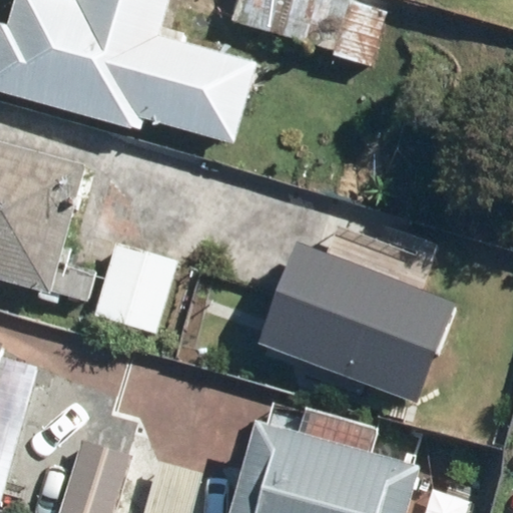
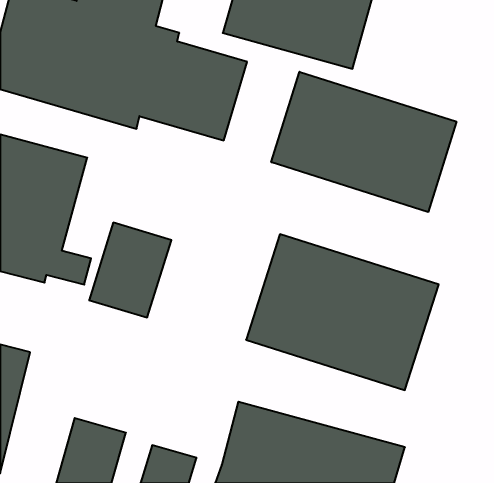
building: none -> [271,72,456,212]

